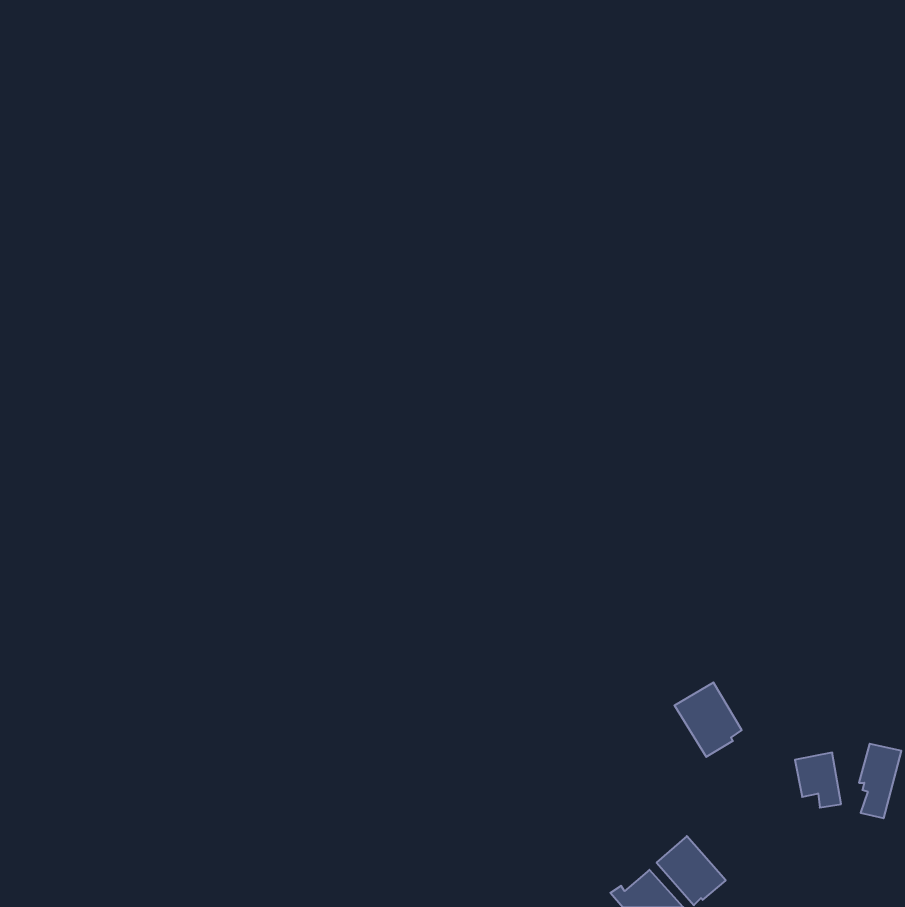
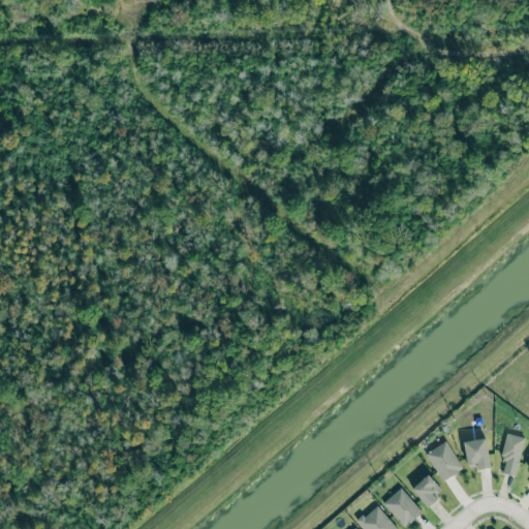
building: [674,682,742,757] -> [425,439,464,483]
building: none -> [412,473,442,507]

